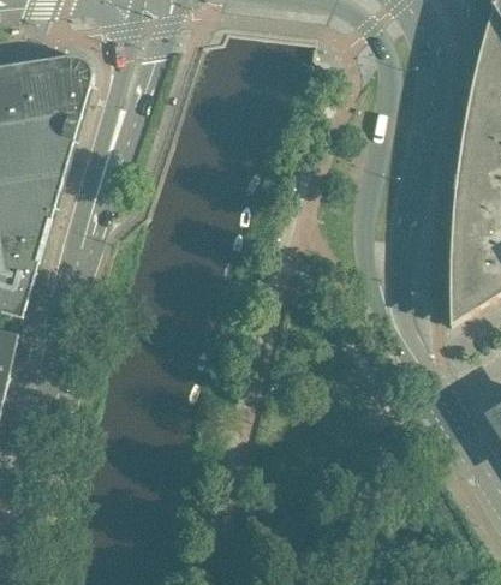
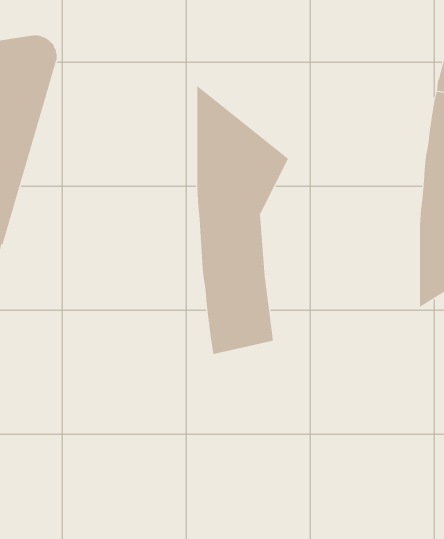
building: none -> [197,85,289,355]

